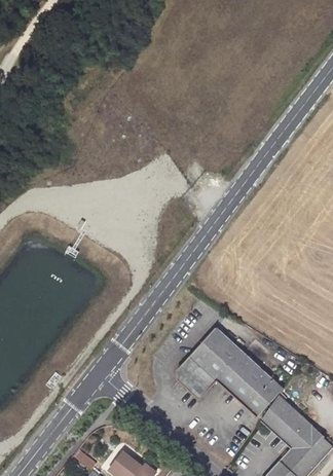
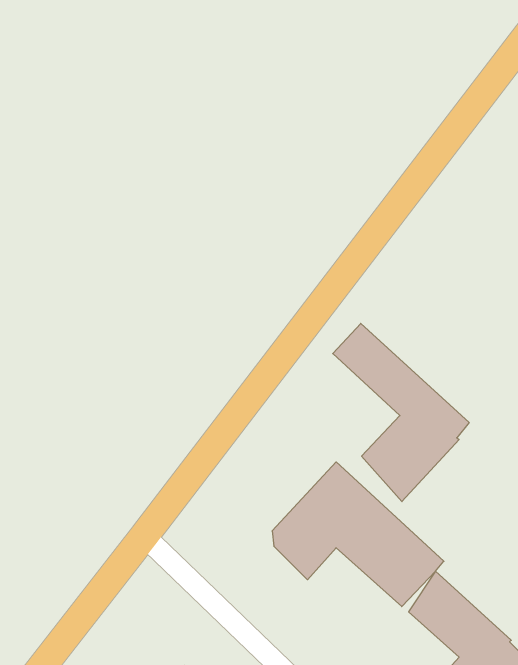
building: none -> [333,323,469,502]

